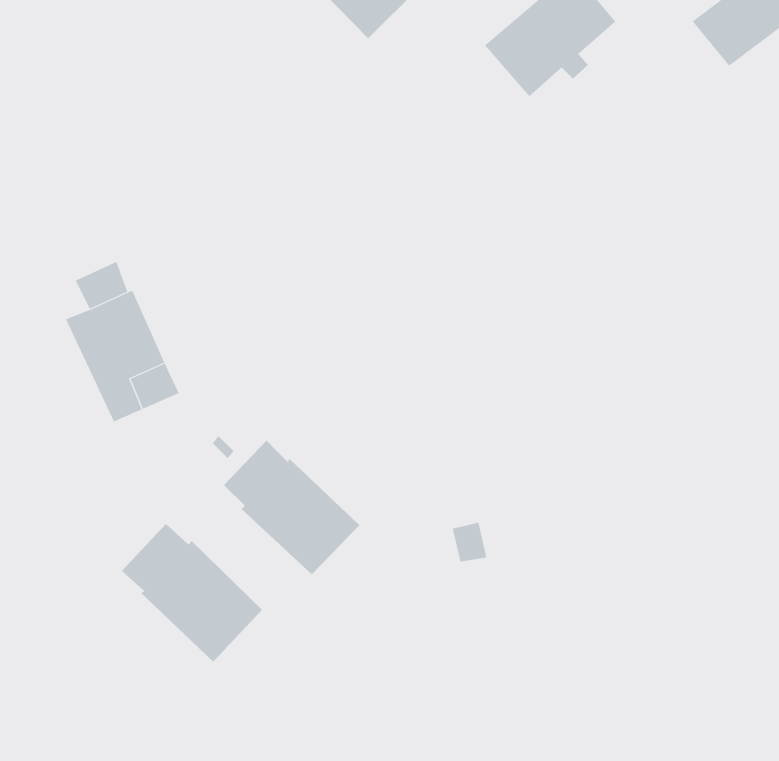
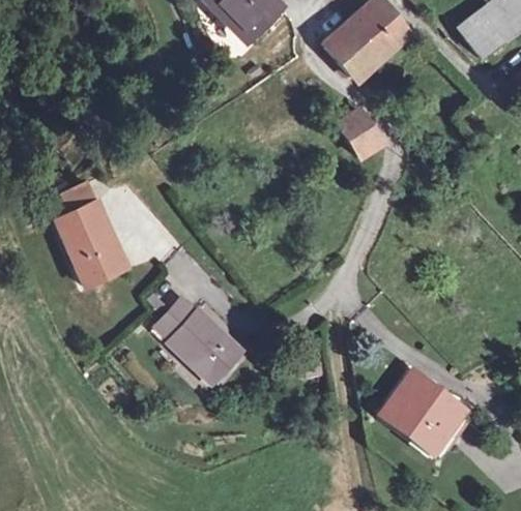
building: none -> [336,108,385,156]
building: [121,523,263,662] -> none
building: none -> [380,371,462,451]

